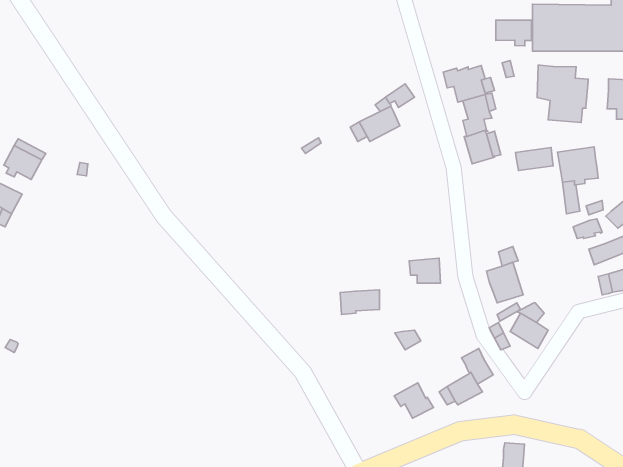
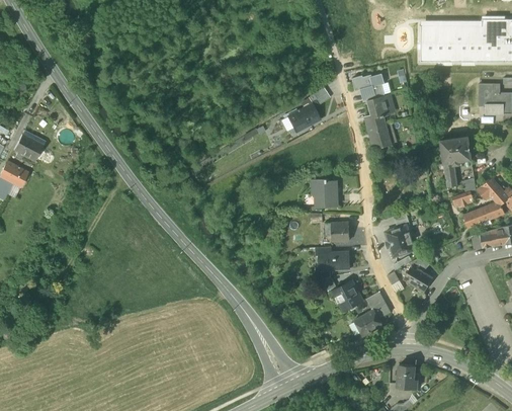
building: [496,20,532,46] -> none
building: [537,65,588,123] -> none
building: [515,147,553,170] -> none
building: none -> [313,179,337,208]
building: [340,290,380,315] -> [318,252,348,271]
building: [394,383,434,418] -> [332,281,362,309]

